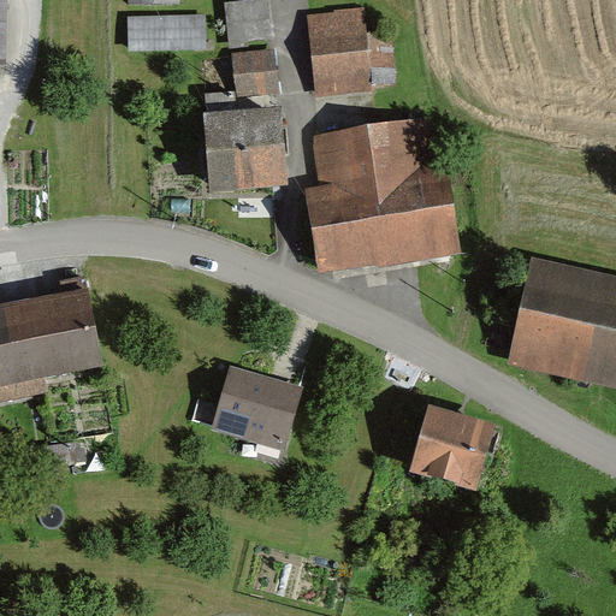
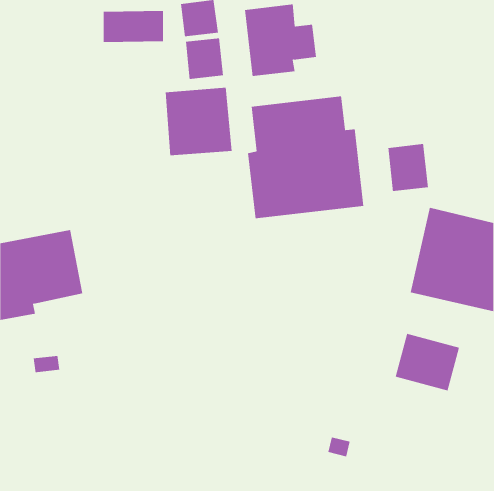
building: none -> [388,143,428,192]
building: [211,368,302,462] -> none
building: [414,405,494,478] -> [395,333,460,391]

